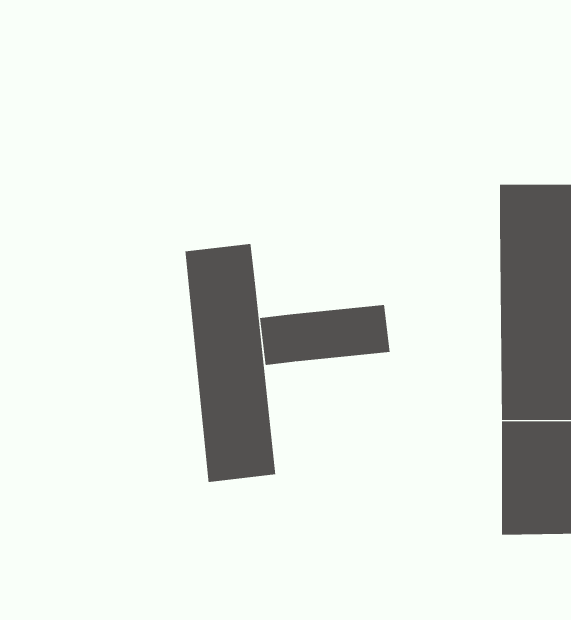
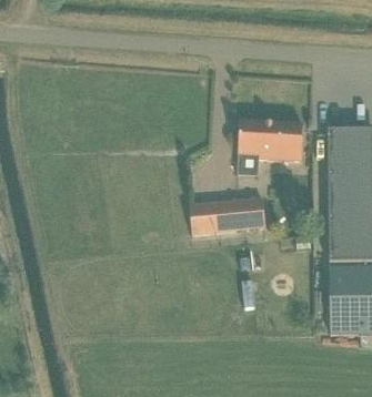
building: none -> [238,121,303,161]
building: [185,243,276,483] -> none

